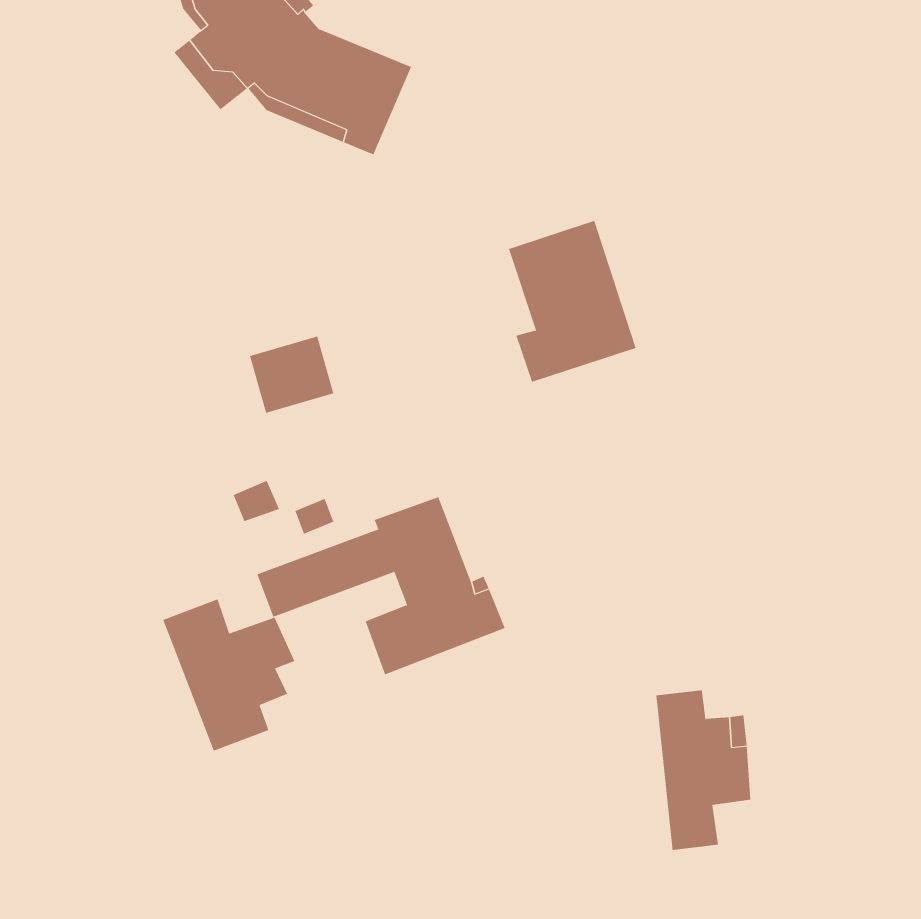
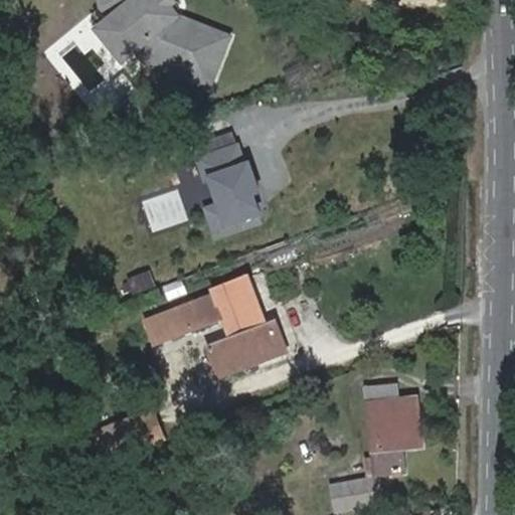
building: [508,220,636,383] -> [197,140,269,230]
building: [162,598,295,752] -> none
building: none -> [333,478,372,507]

